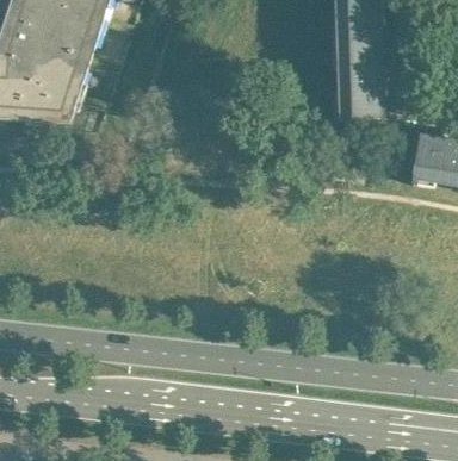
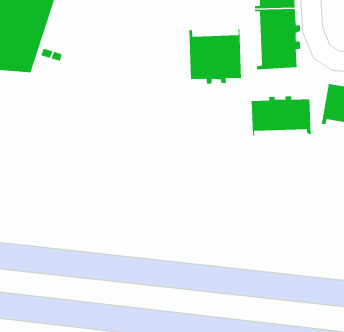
building: none -> [188,28,242,84]
building: none -> [251,96,311,136]

